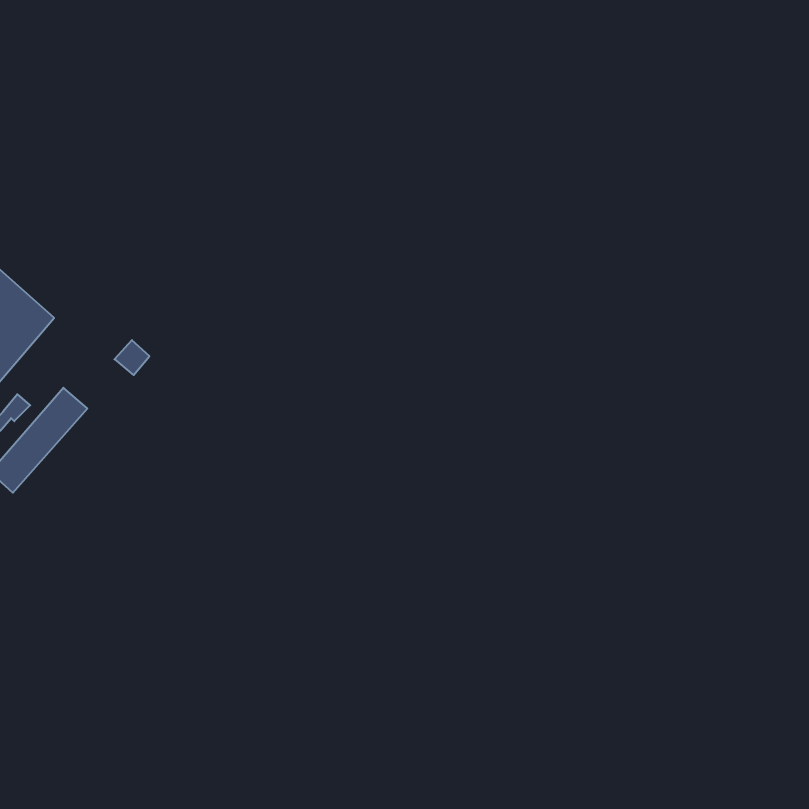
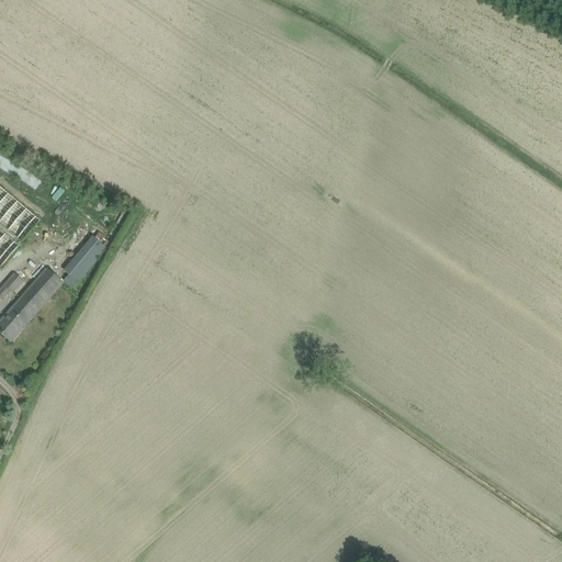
building: none -> [63,248,92,280]

